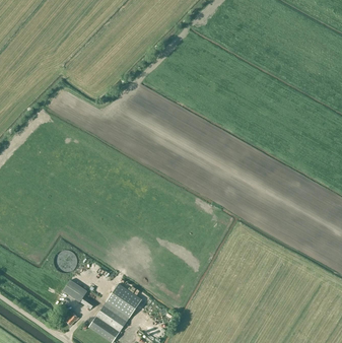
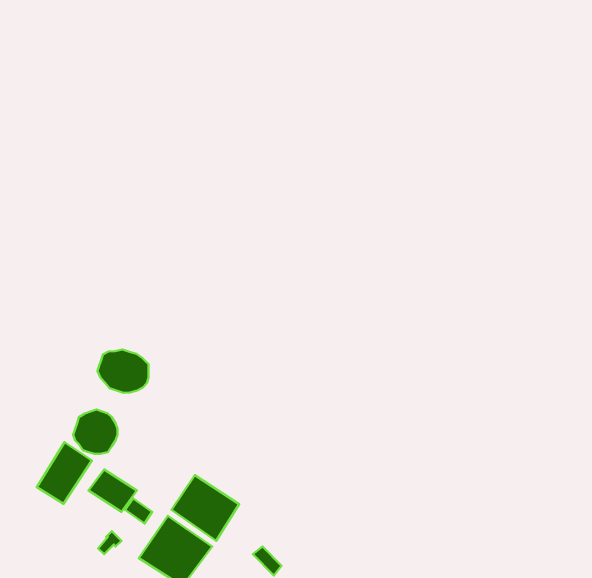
building: none -> [97,349,149,393]
building: none -> [37,442,92,504]

